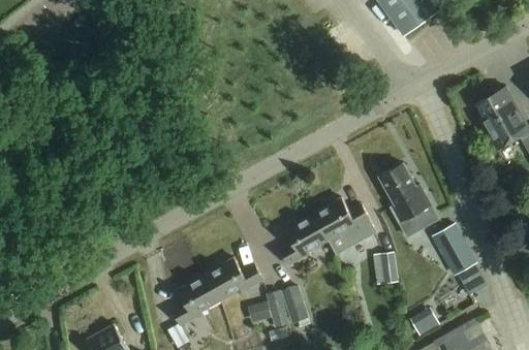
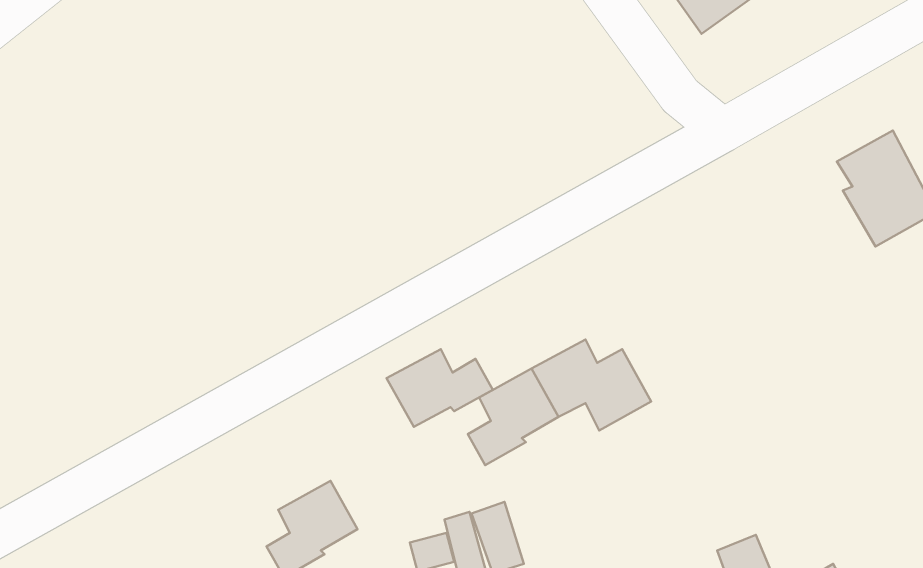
building: [378,163,438,228] -> none
building: [434,224,476,274] -> none
building: [372,253,397,285] -> none
building: [205,258,261,299] -> [387,349,493,427]

